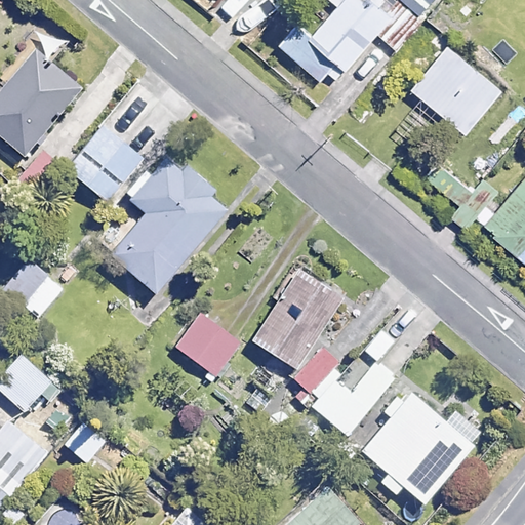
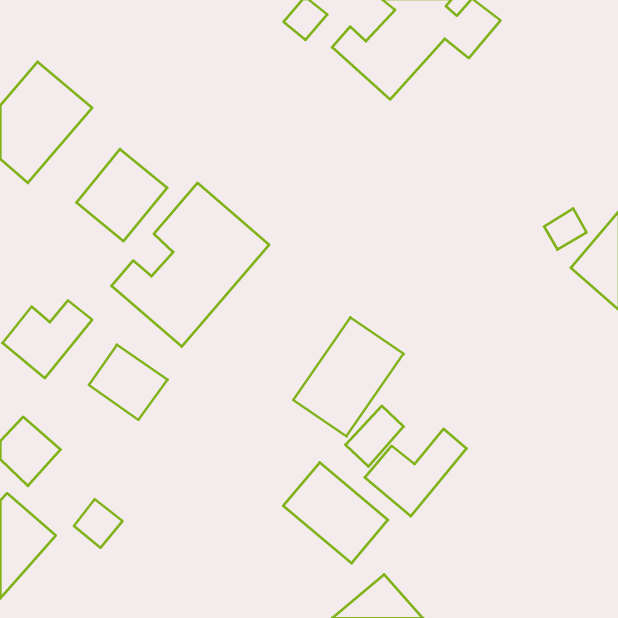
building: [410,46,503,136] -> none
building: [175,314,242,377] -> [89,345,168,420]
building: none -> [283,462,388,563]
building: [361,392,475,506] -> none

